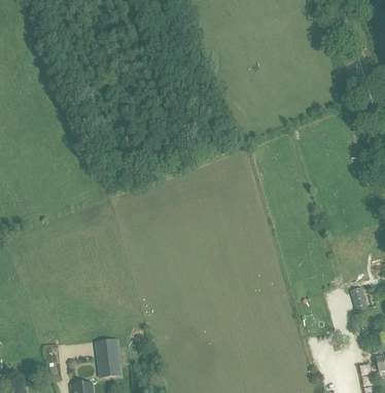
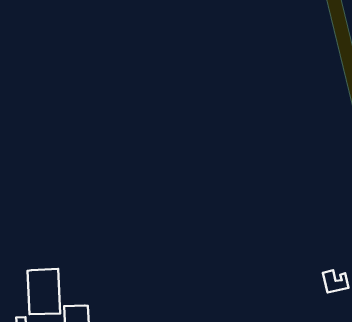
building: none -> [28,269,60,314]

